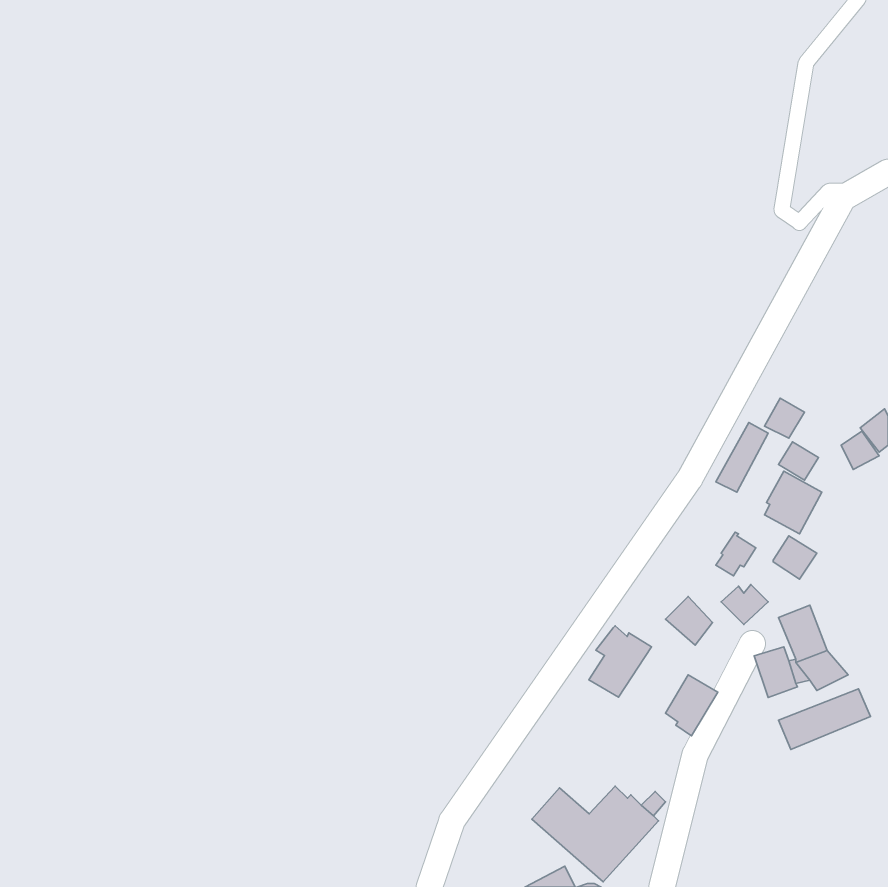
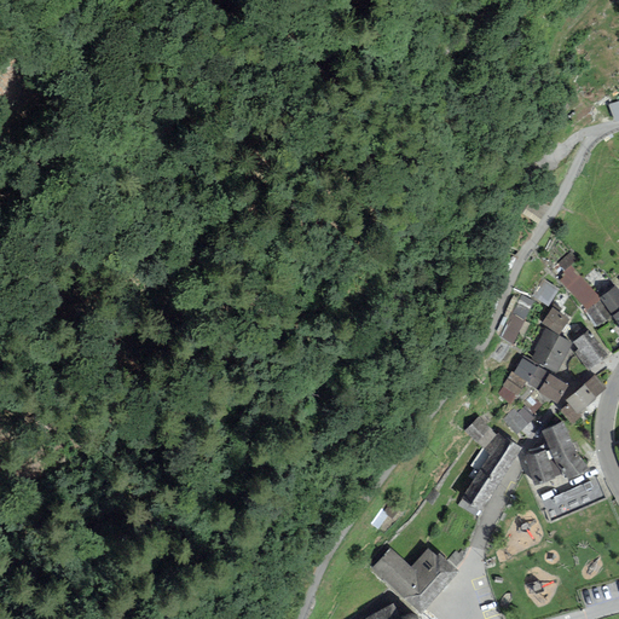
building: none -> [560,265,600,310]
building: none -> [572,331,608,370]
building: none -> [513,358,549,389]
building: none -> [560,374,606,423]
building: [589,626,652,697] -> [479,432,522,481]

